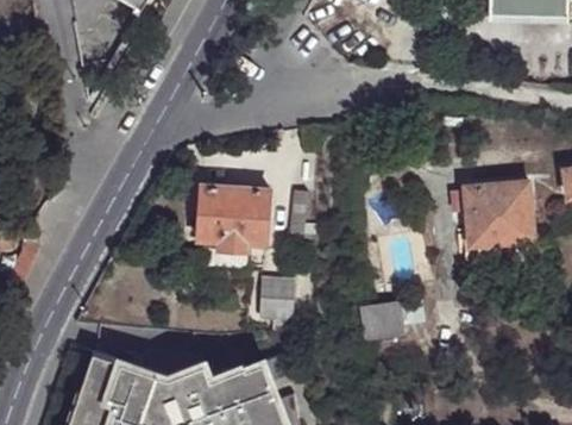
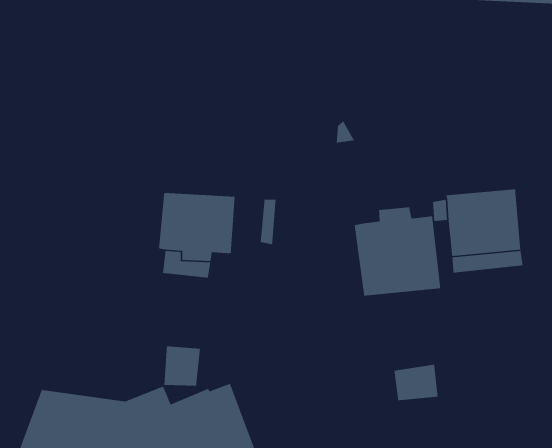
building: none -> [354,207,441,297]
building: [260,279,295,317] -> [163,345,201,387]
building: [363,304,404,338] -> [394,364,439,401]

